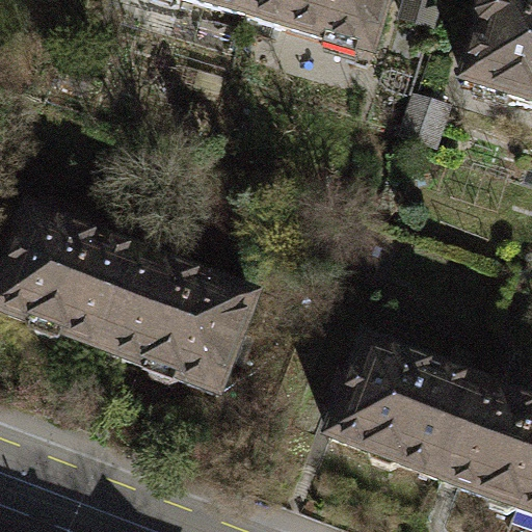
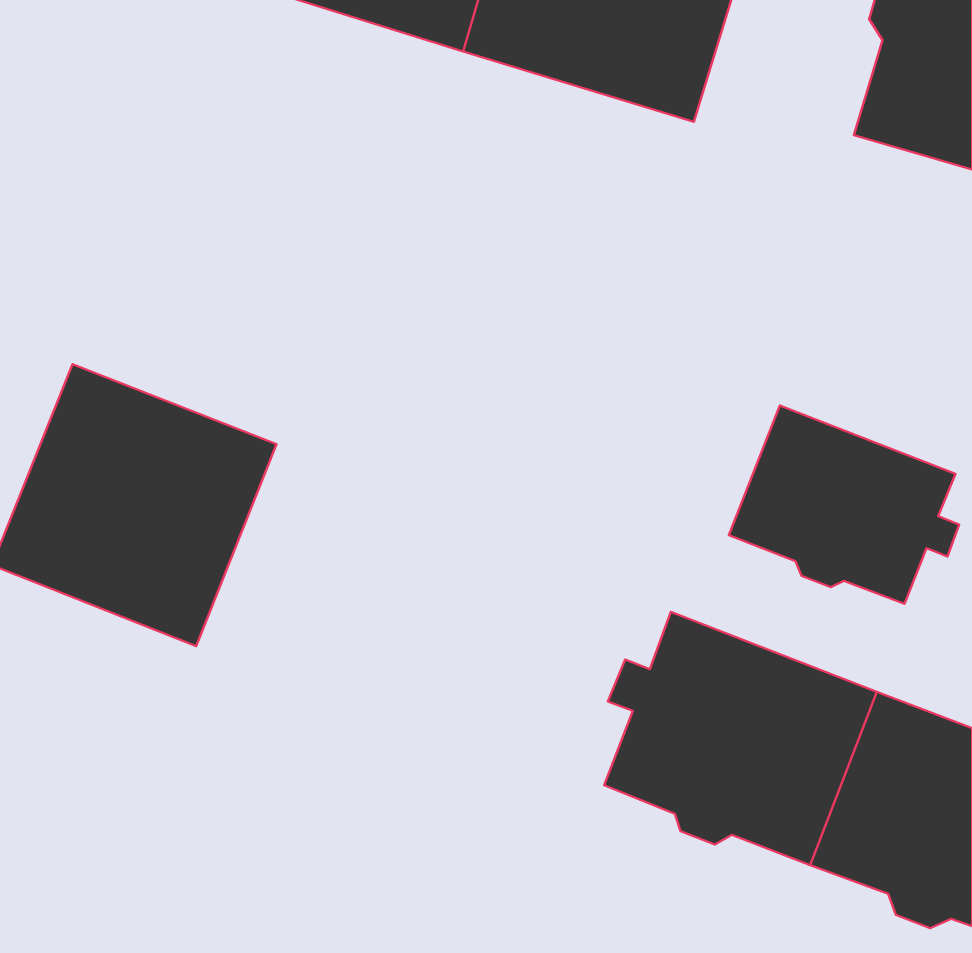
building: none -> [729,406,959,604]
building: [107,242,262,396] -> none

